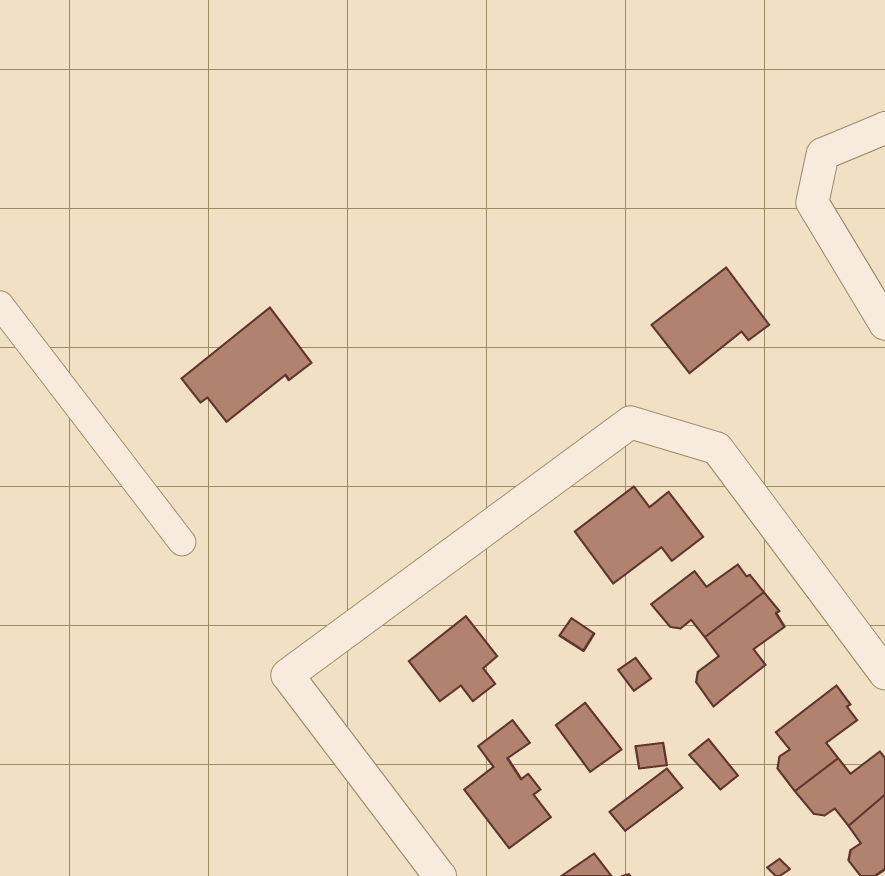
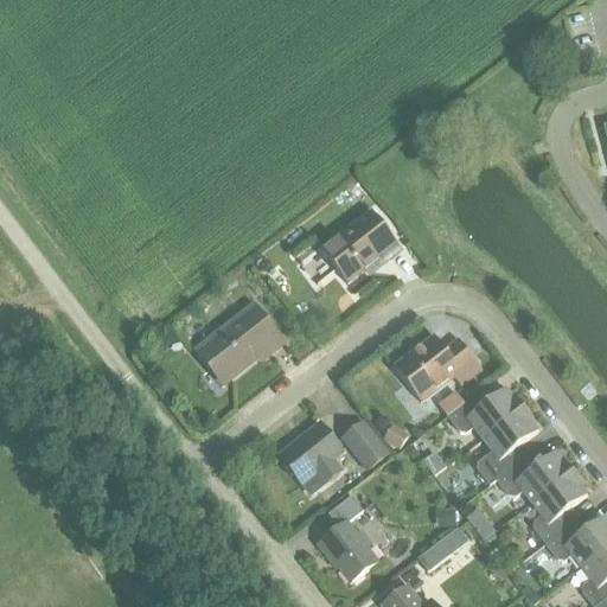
building: [652,268,769,373] -> [320,209,401,281]
building: [181,307,311,422] -> [194,301,283,379]
building: none -> [496,451,573,501]
building: [556,703,622,772] -> [341,422,386,469]

